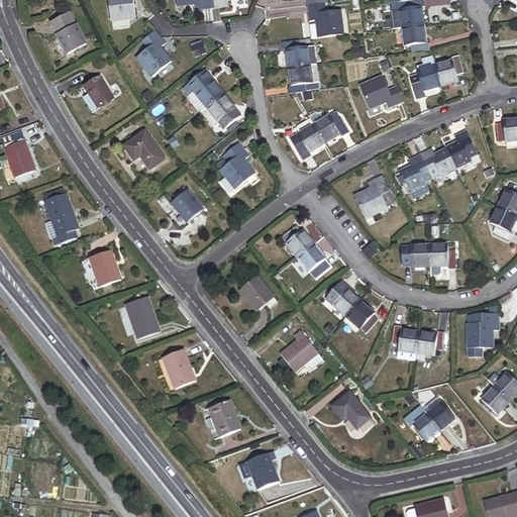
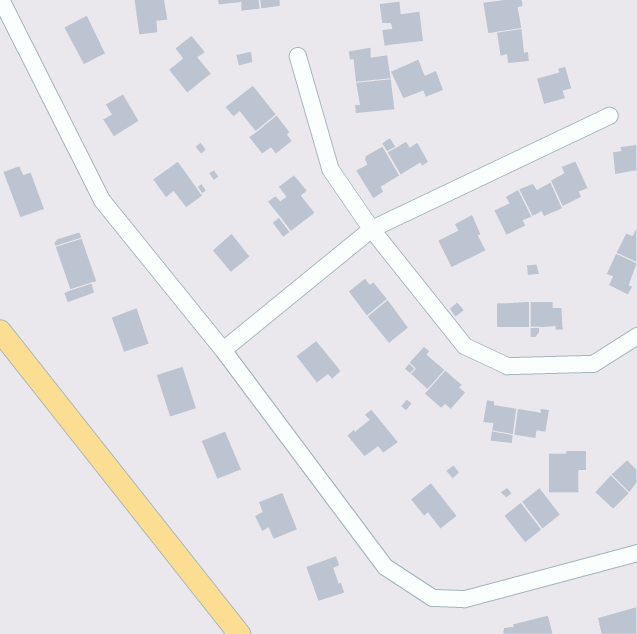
building: [411,56,440,94] -> none
building: [359,75,403,107] -> [390,59,444,99]
building: [468,313,499,347] -> [548,451,587,493]

